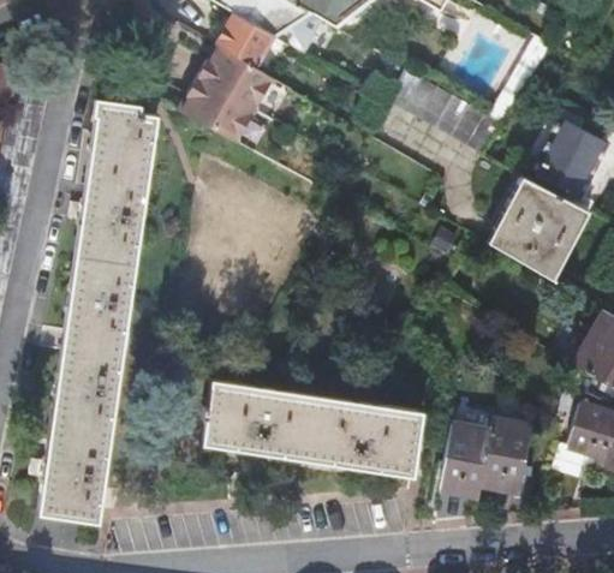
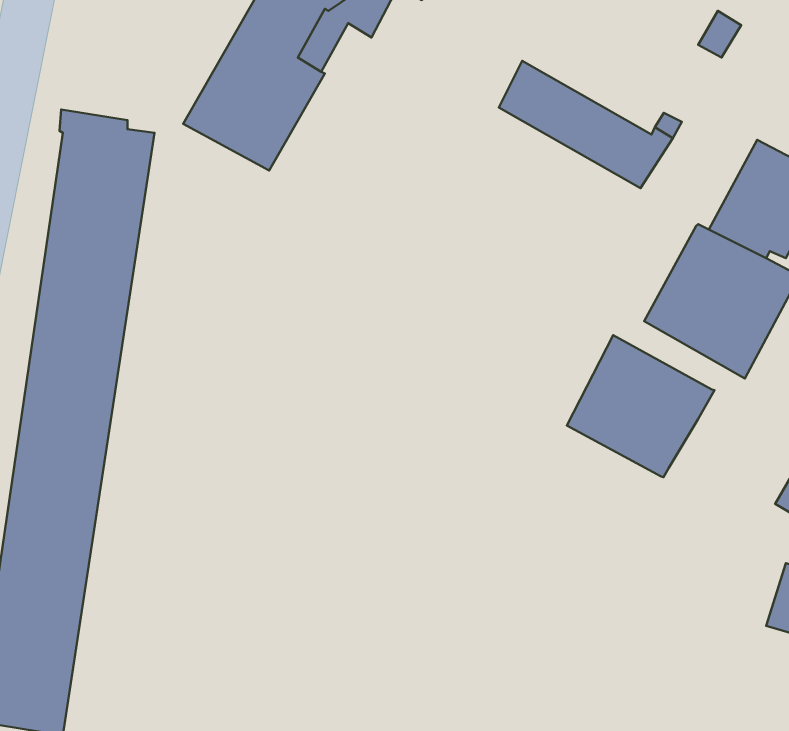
building: none -> [567,335,714,477]
building: [203,380,424,477] -> none
building: [441,420,533,495] -> none

